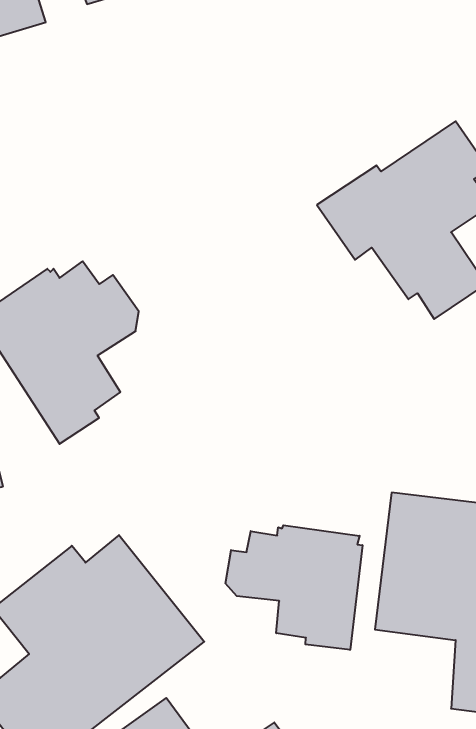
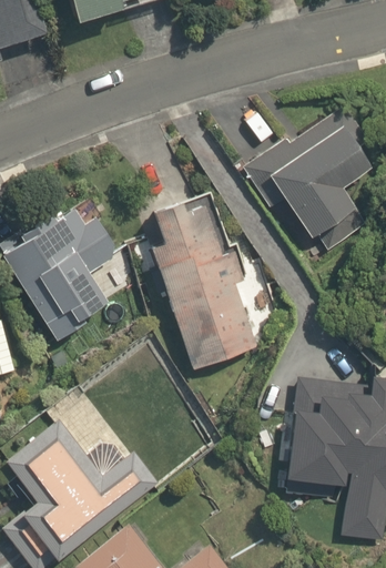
building: none -> [149,202,256,369]
building: [225,525,362,650] -> none

